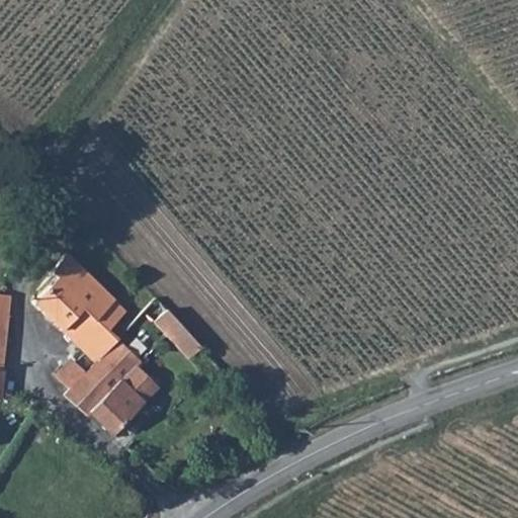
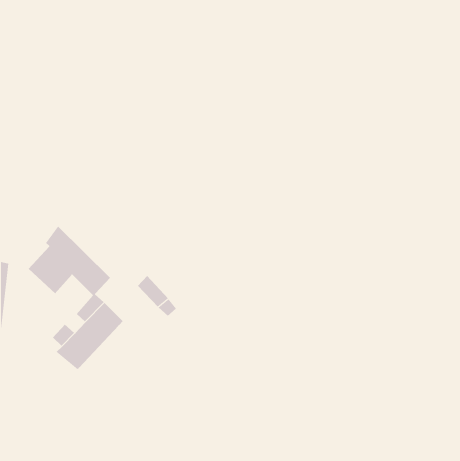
building: [63,309,104,352] -> none
building: [90,365,156,433] -> none

